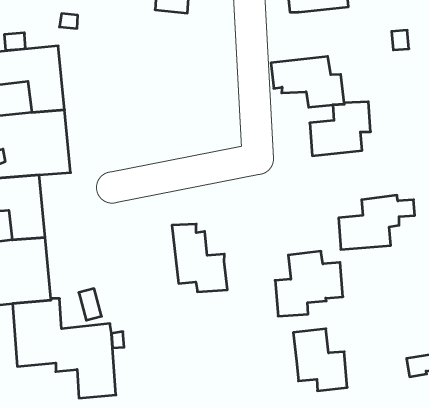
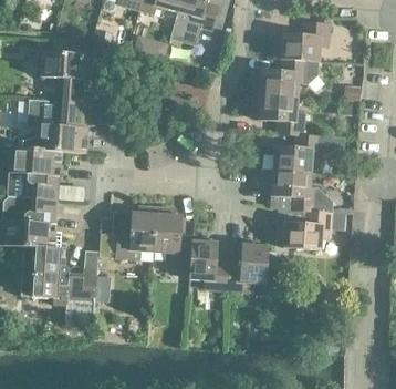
building: none -> [252,60,319,98]
building: none -> [264,171,332,213]
building: none -> [111,206,156,260]
building: [293,329,347,391] -> [189,242,228,290]

